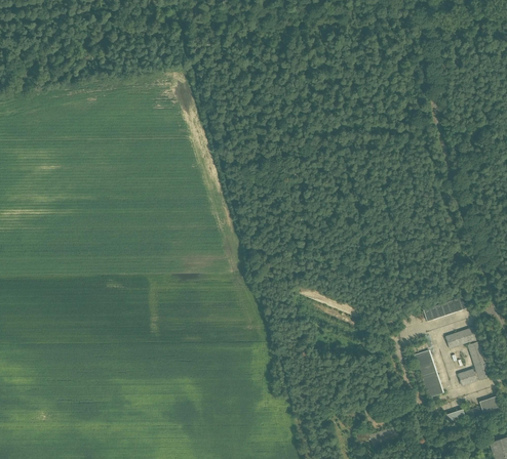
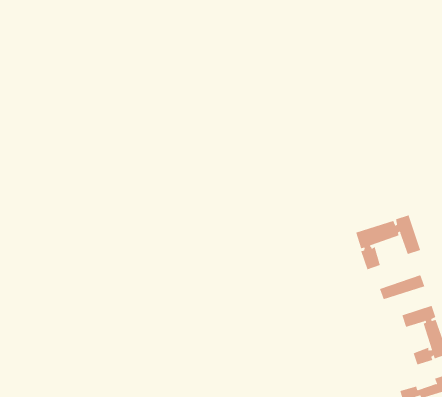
building: none -> [355,214,421,270]
building: [415,349,443,398] -> none

